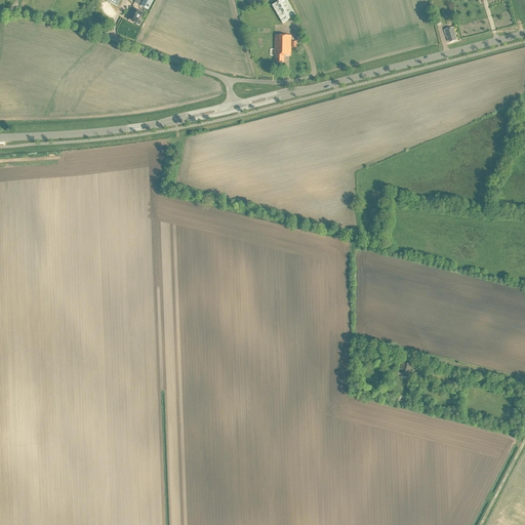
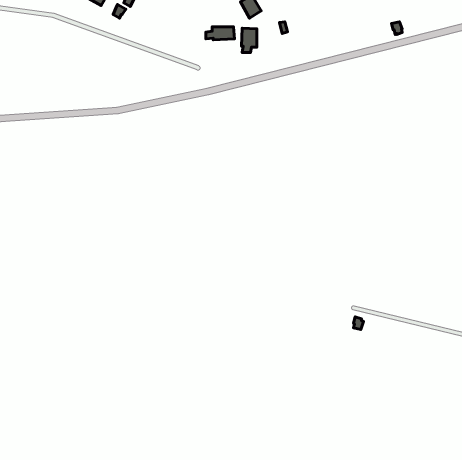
building: none -> [206,27,234,40]

